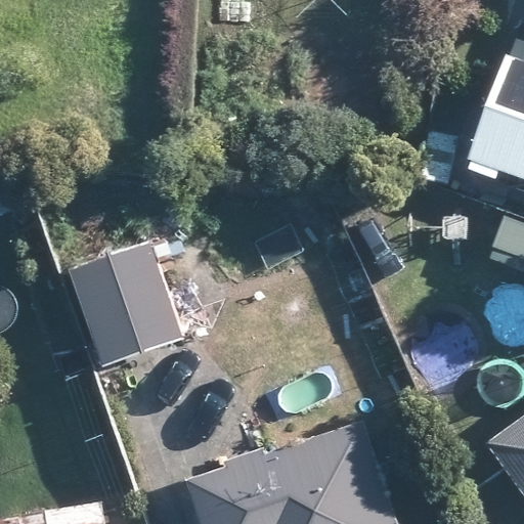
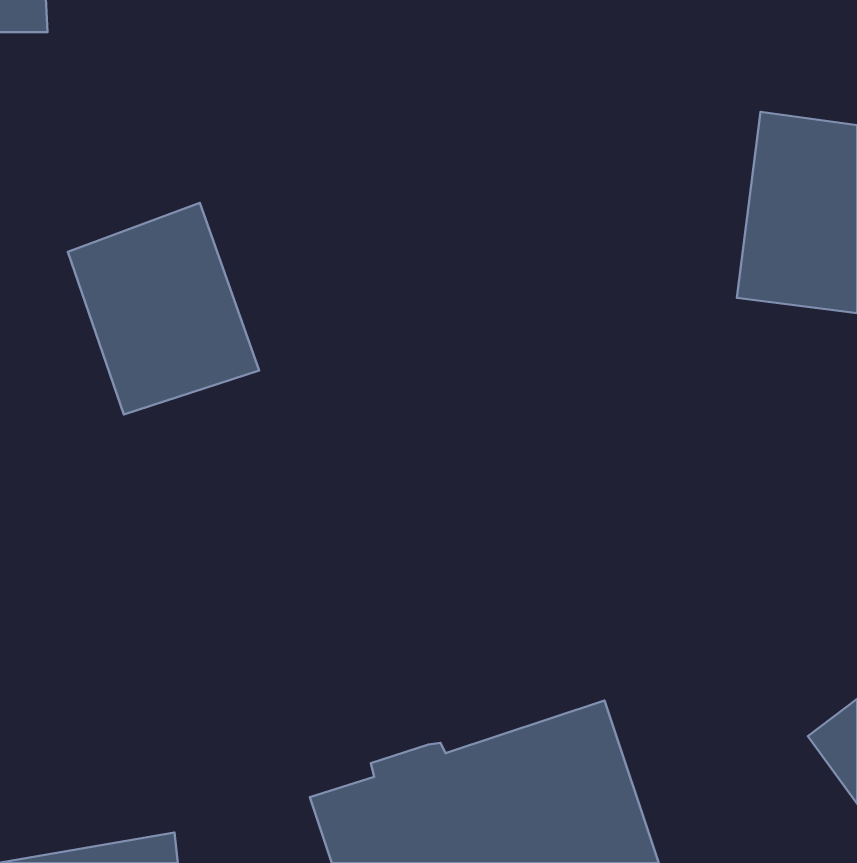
building: [70,241,185,368] -> [68,203,259,414]

